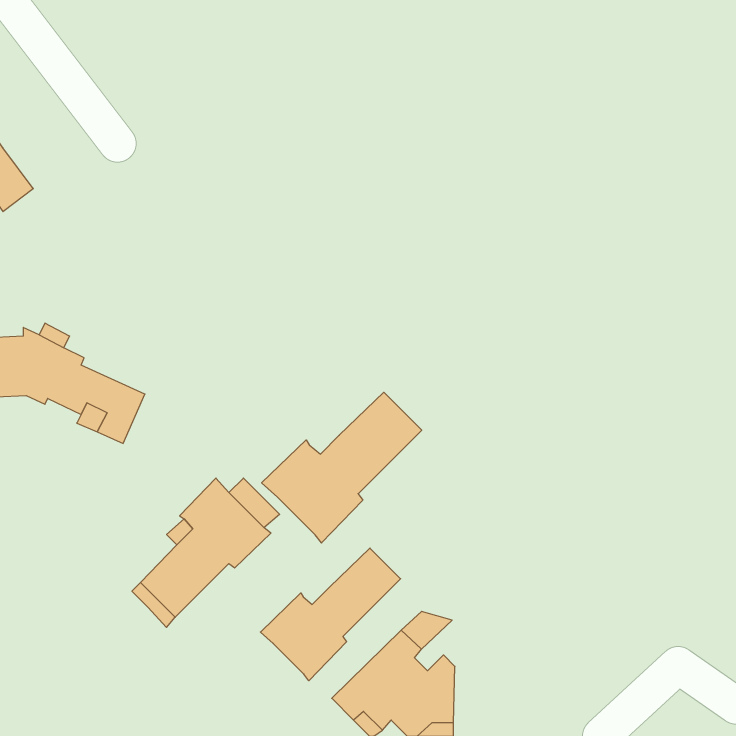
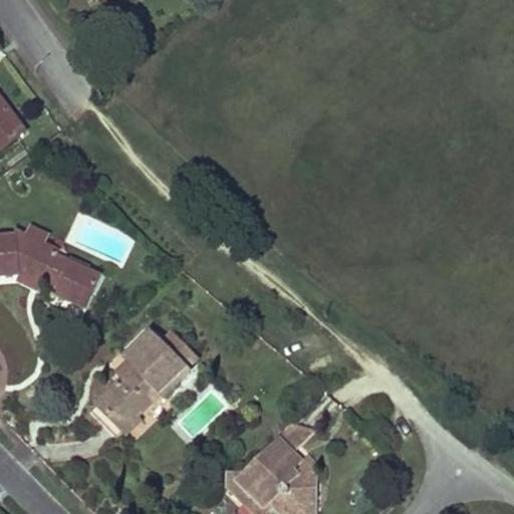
building: [262,392,422,543] -> none
building: [260,548,401,681] -> none

